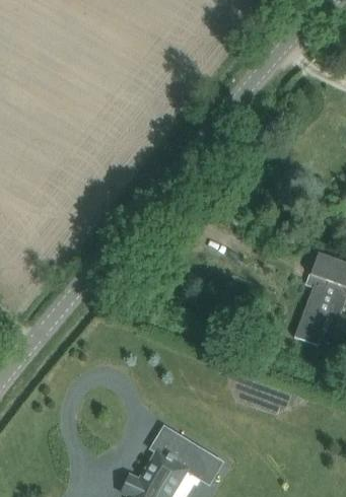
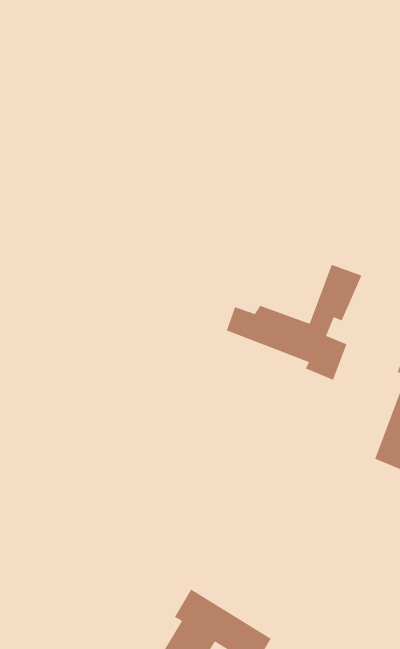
building: none -> [226,264,362,381]

